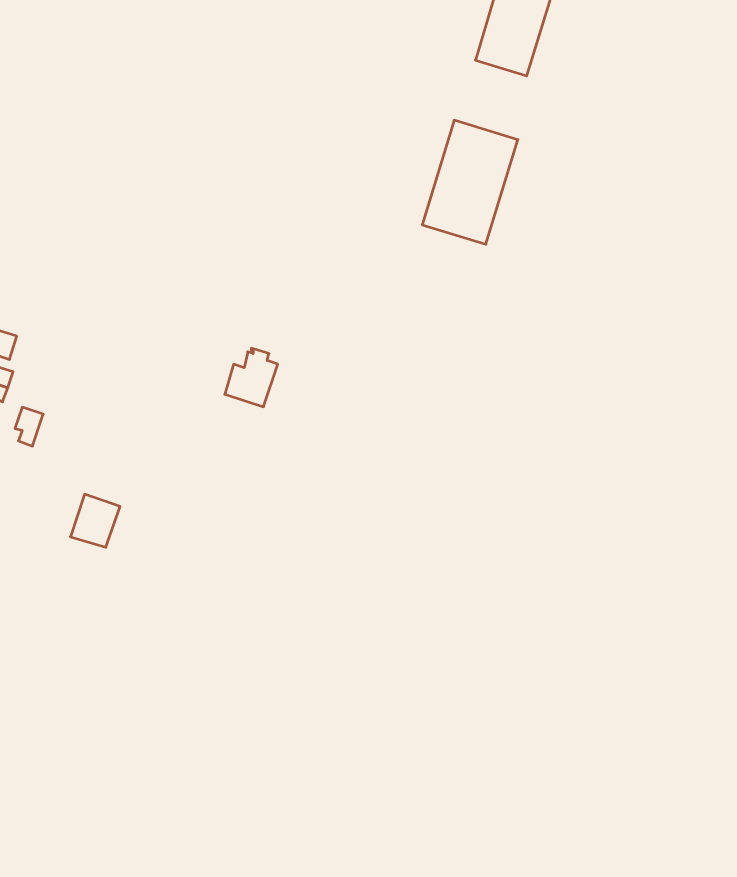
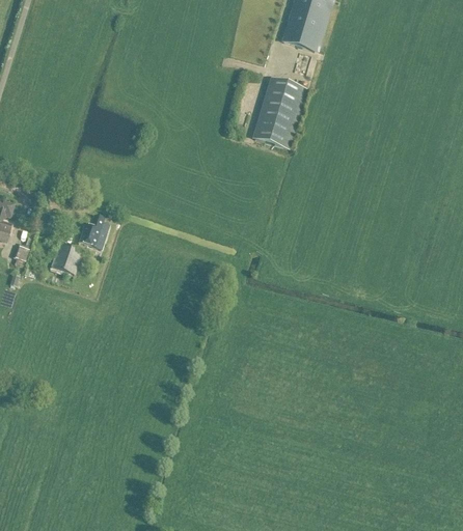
building: [225,348,278,407] -> [79,215,110,249]
building: [70,494,120,547] -> [53,242,82,273]

